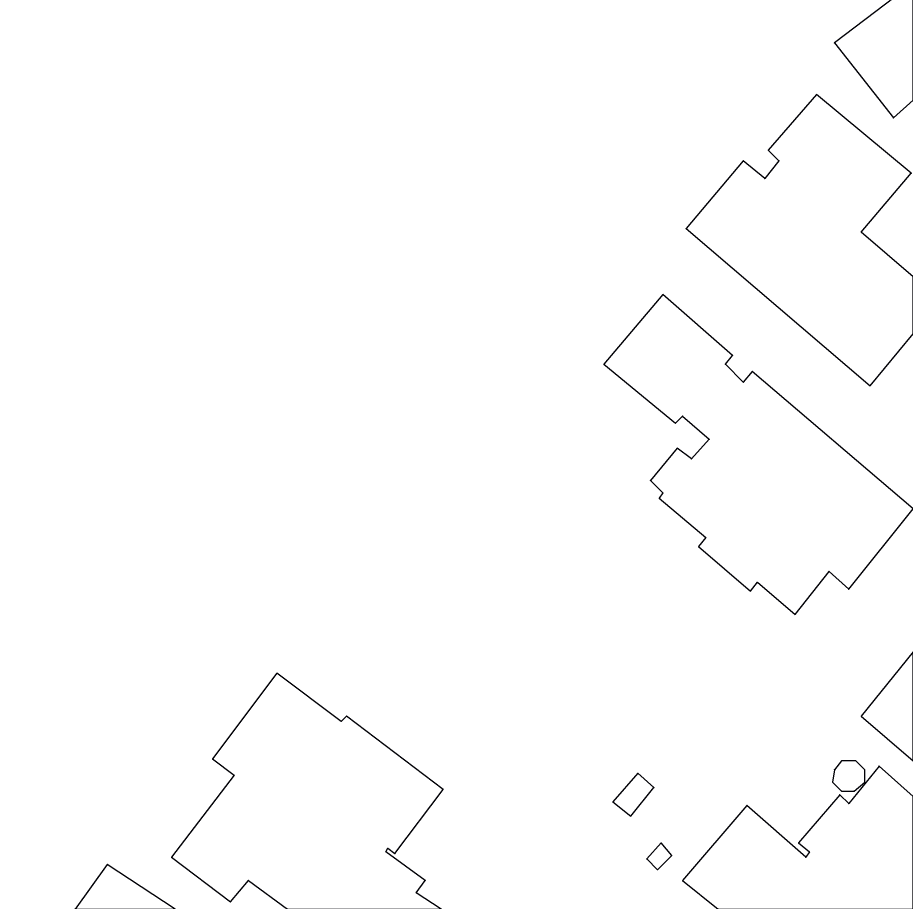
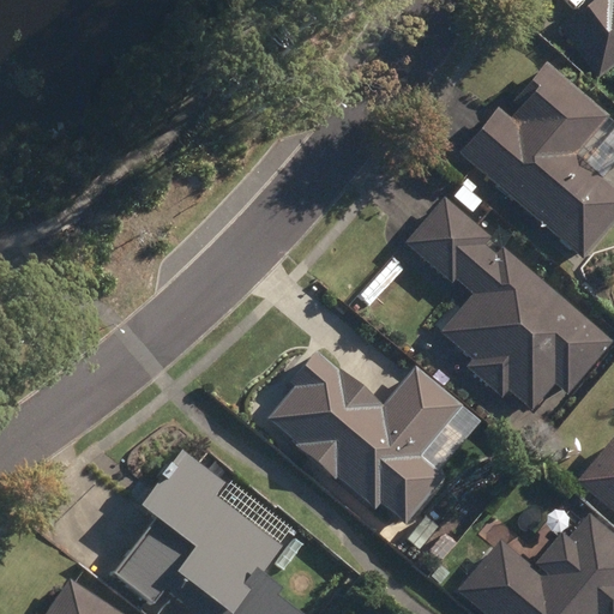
building: none -> [266,353,482,525]

